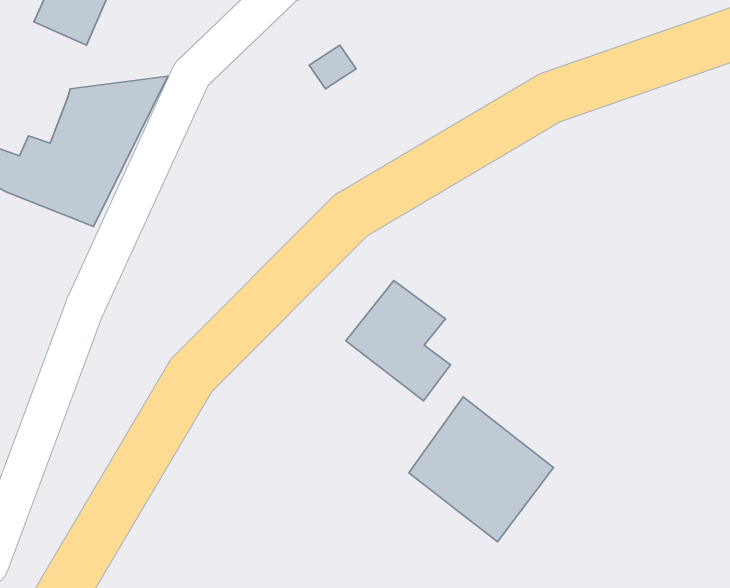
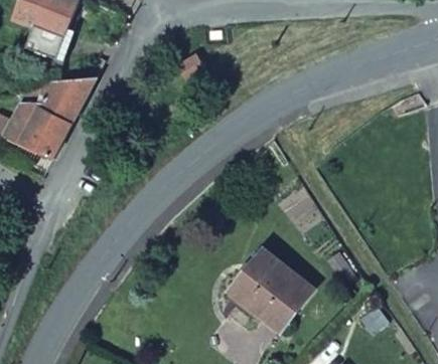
building: [346,280,451,401] -> none

